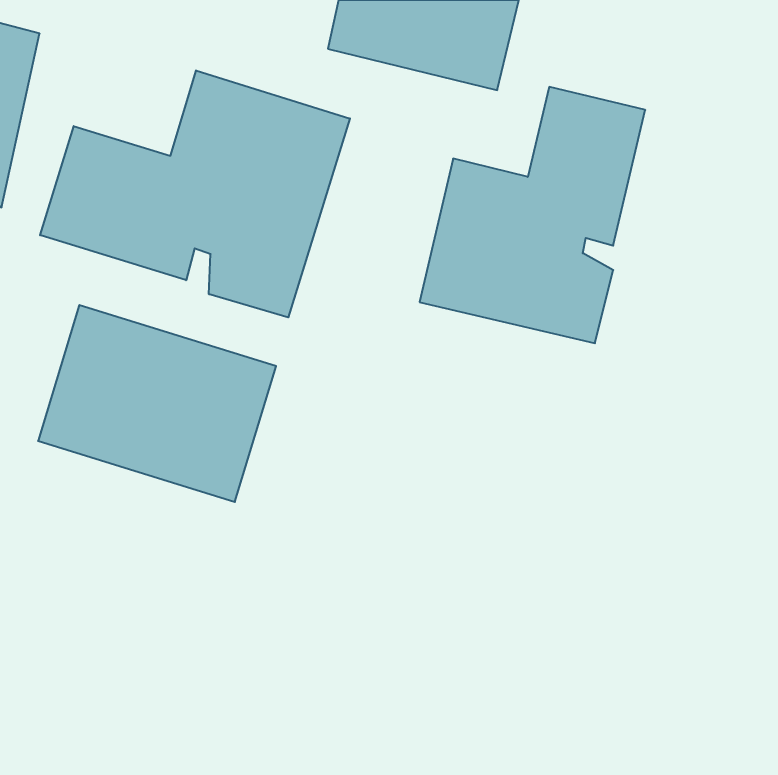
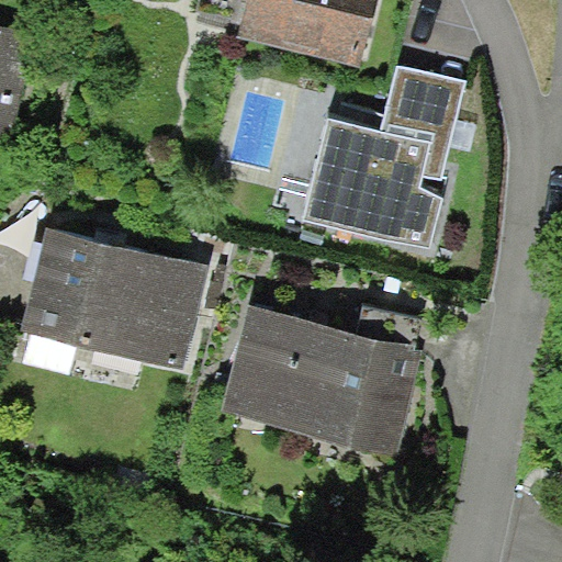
building: [40,70,350,317] -> none
building: none -> [228,307,395,439]

